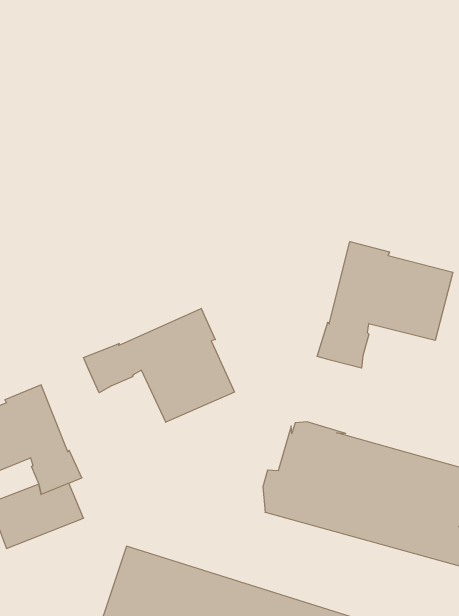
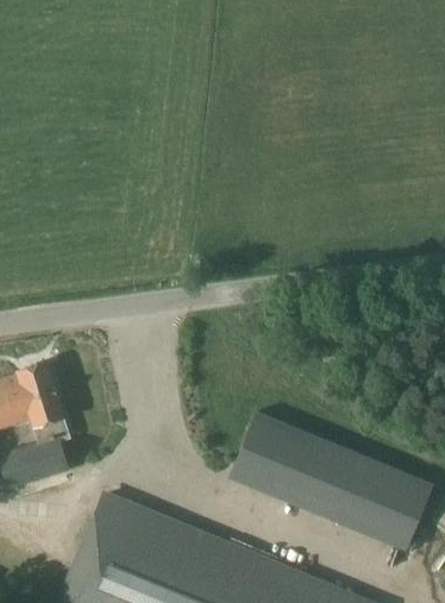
building: [317,242,453,368] -> none
building: [84,308,234,422] -> none

